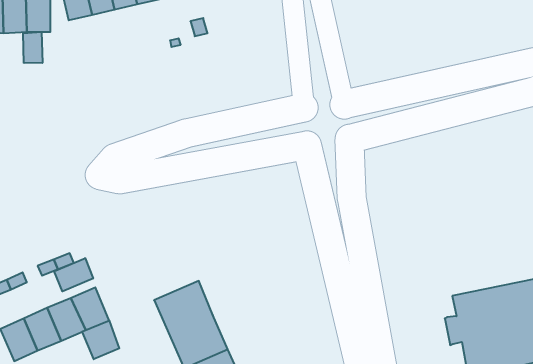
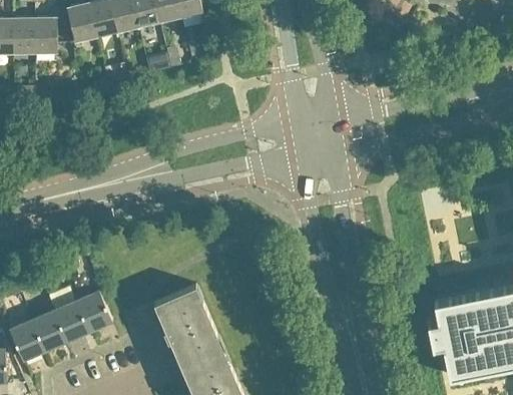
building: [23,32,42,63] -> none
building: [54,258,93,291] -> none
building: [82,321,119,359] -> none

